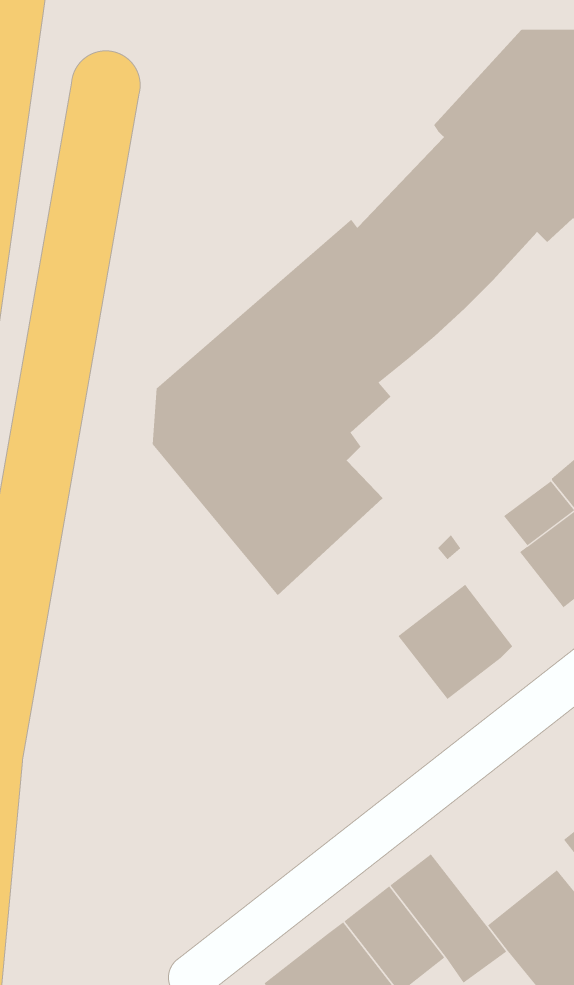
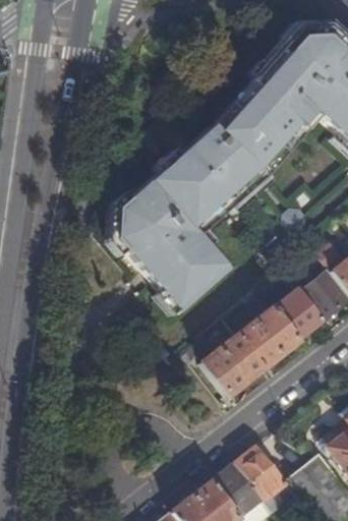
building: none -> [274,289,323,339]
building: none -> [201,334,264,394]

